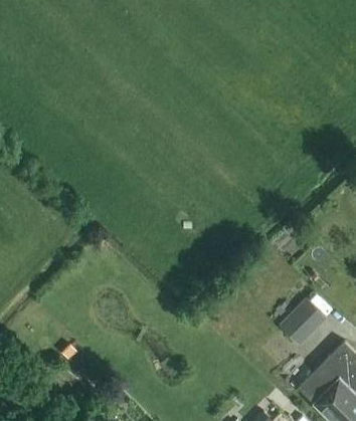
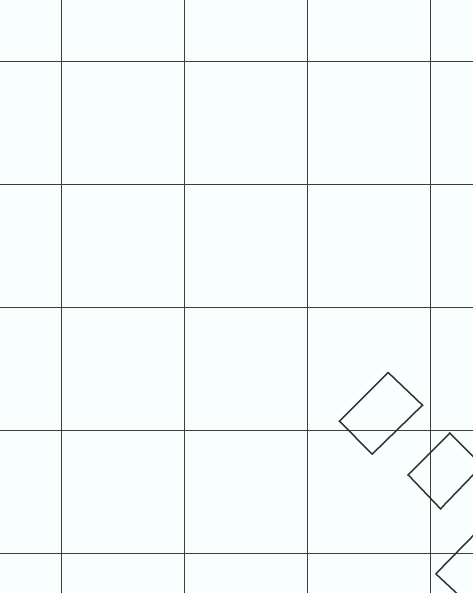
building: none -> [339,373,423,454]

